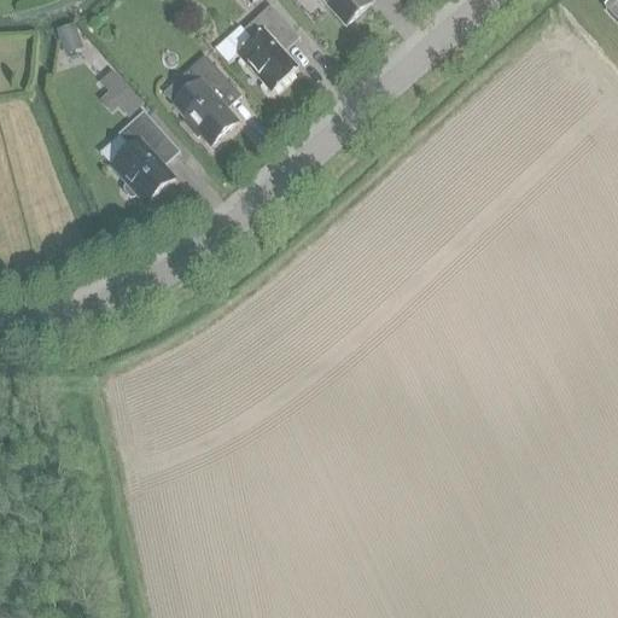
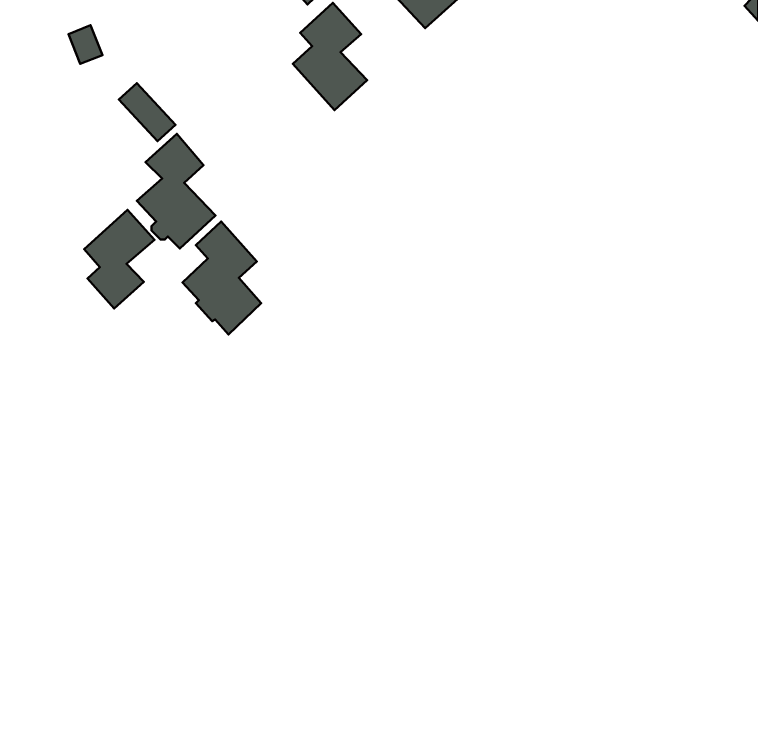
building: [174,52,238,144] -> [182,221,261,334]
building: none -> [84,210,154,308]

